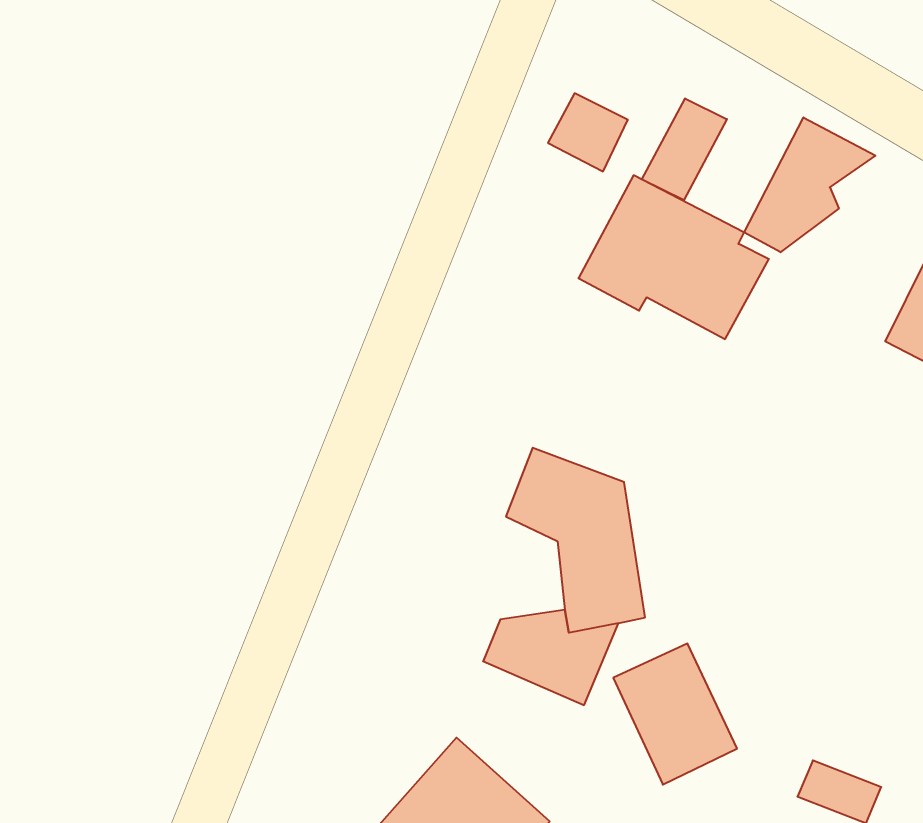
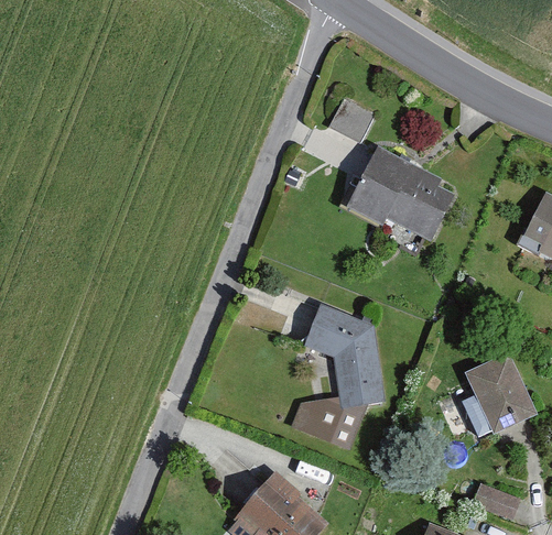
building: [642,98,727,200] -> none
building: [744,117,875,252] -> none
building: [613,644,737,785] -> [464,352,535,434]

